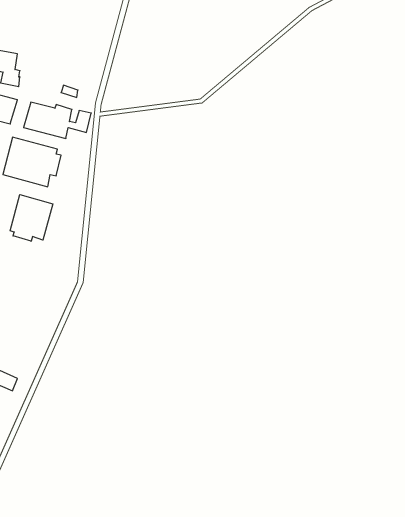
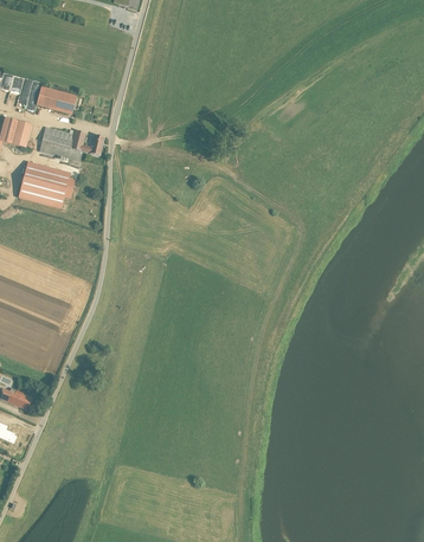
building: none -> [36,85,77,114]
building: [10,195,53,241] -> none

